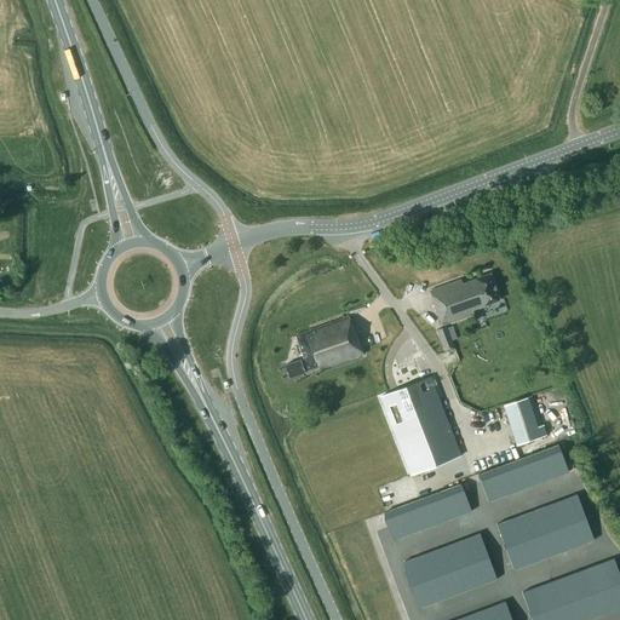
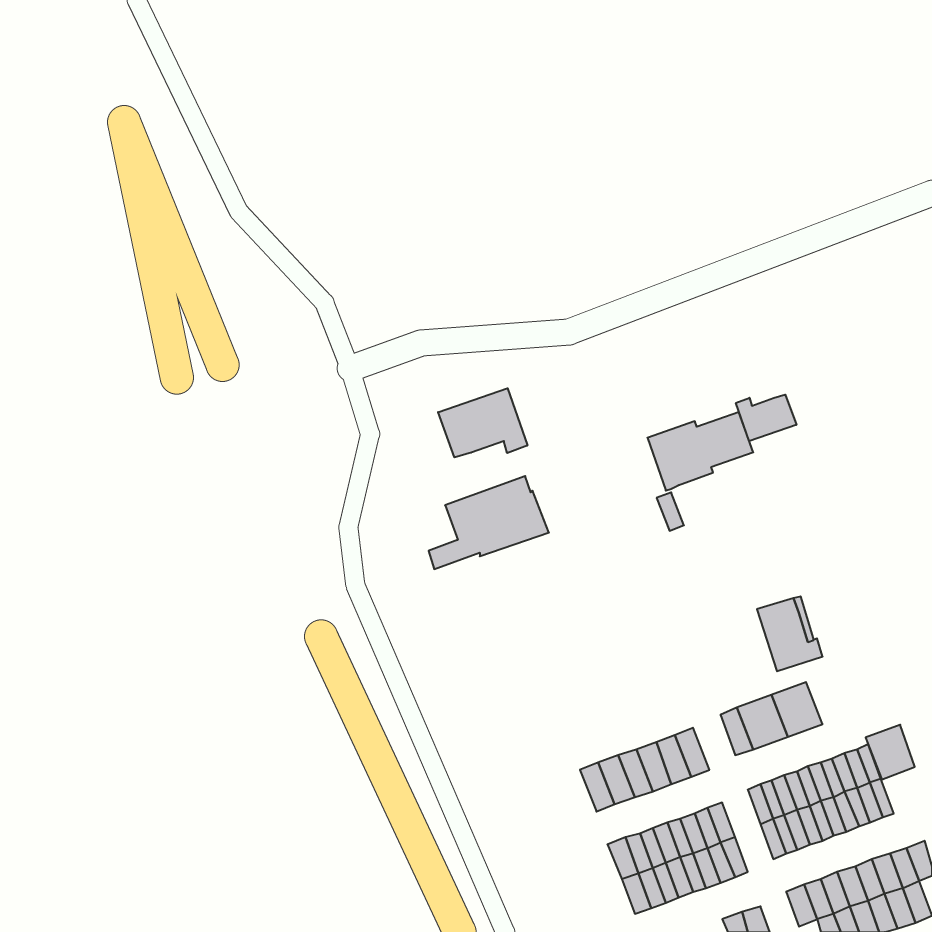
building: none -> [438,388,527,457]
building: none -> [736,395,796,441]
building: [380,377,460,476] -> none
building: [535,444,568,481] -> [866,725,915,779]

